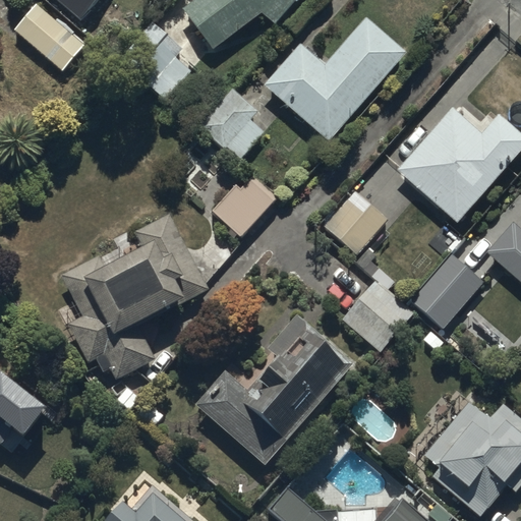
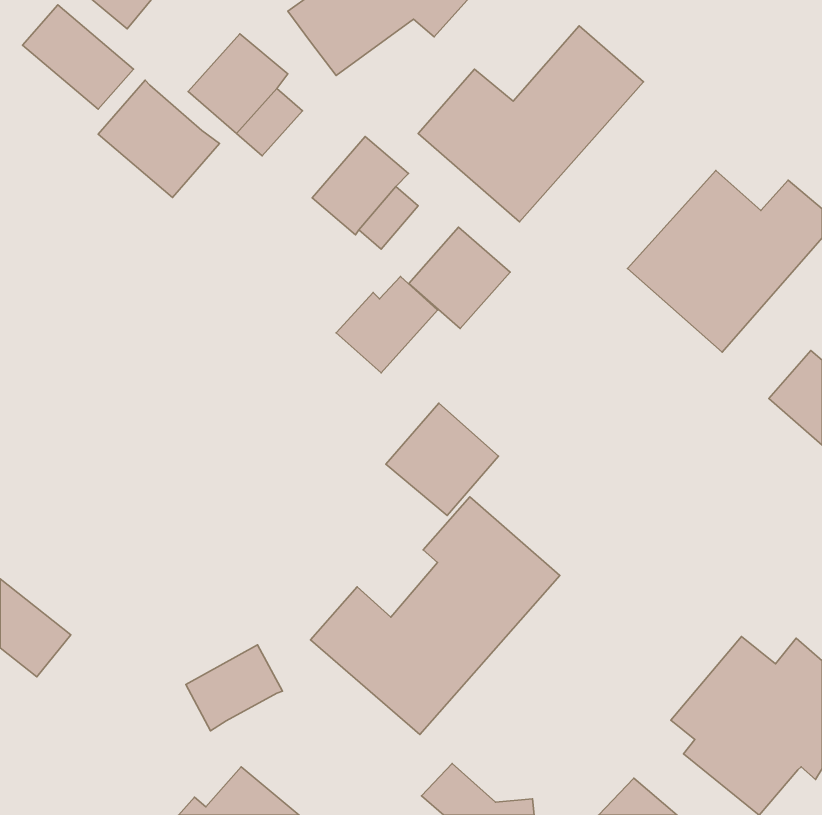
building: none -> [98,80,220,197]
building: [324,190,388,254] -> [409,227,510,328]
building: [62,214,210,380] -> none
building: [410,253,483,329] -> none
building: [342,281,413,352] -> [386,403,498,516]
building: none -> [186,645,282,731]

